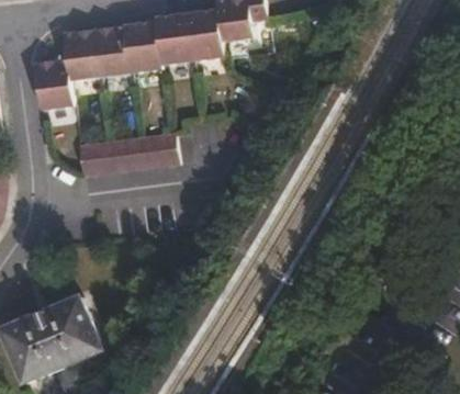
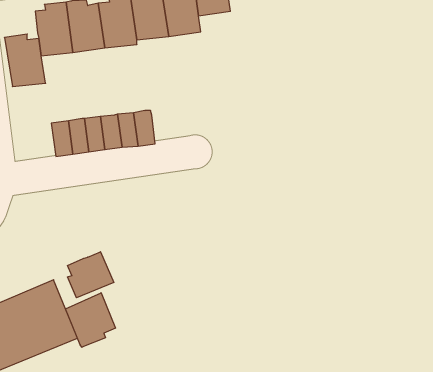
building: none -> [68,252,114,298]
building: none -> [65,293,115,347]

